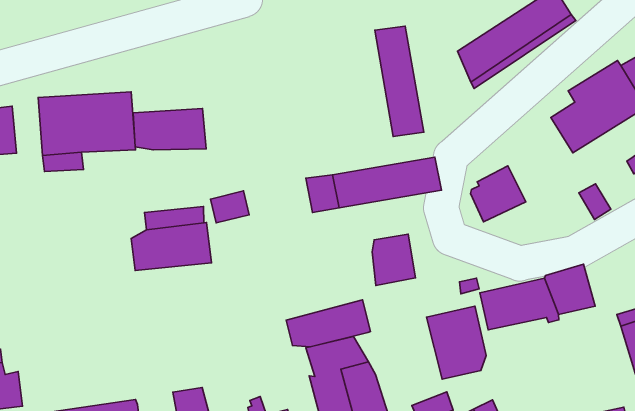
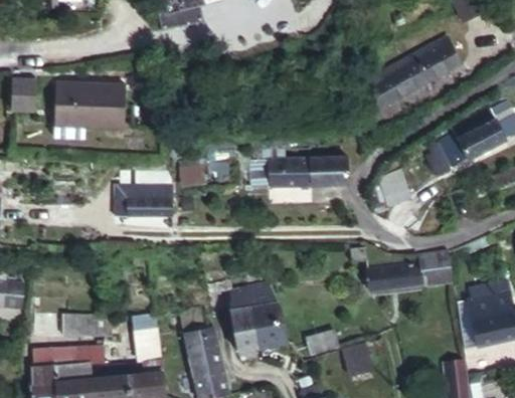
building: [375,26,424,136] -> none
building: [133,108,206,150] -> none
building: [372,234,416,286] -> none
building: [286,300,371,347] -> none
building: [426,306,486,379] -> none

